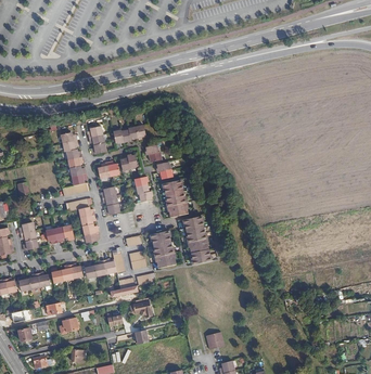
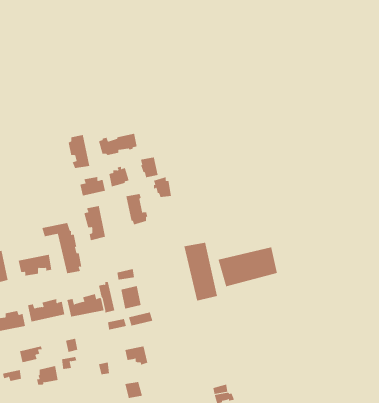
building: [61,132,89,196] -> none
building: [164,179,188,217] -> none
building: none -> [218,247,278,287]
building: [151,230,176,267] -> none

